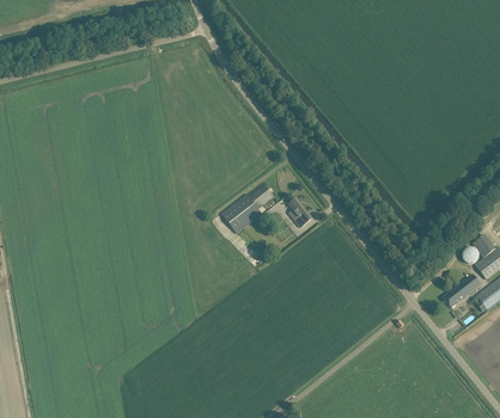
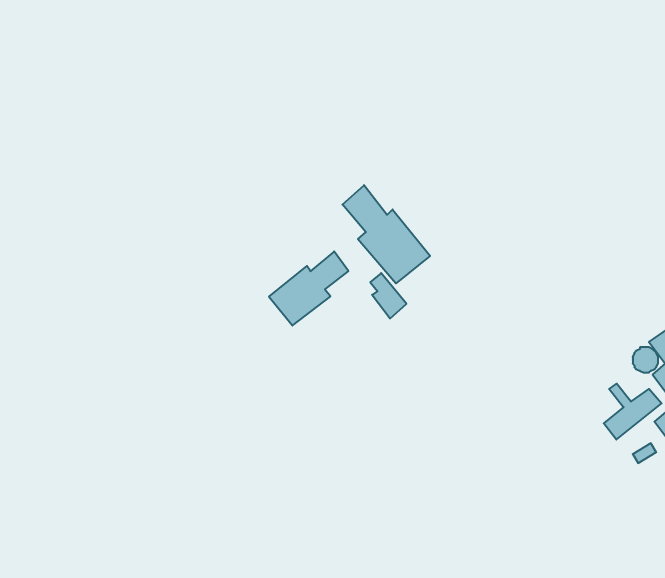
building: none -> [342,185,430,283]

